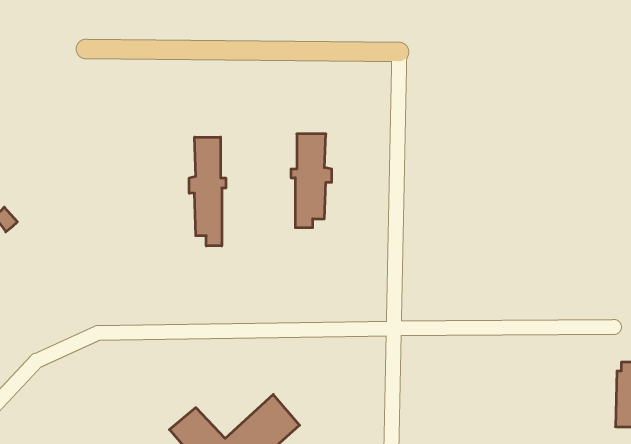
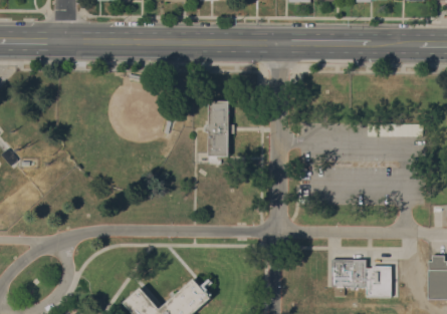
building: [189,137,226,246] -> none
building: none -> [331,259,398,296]

